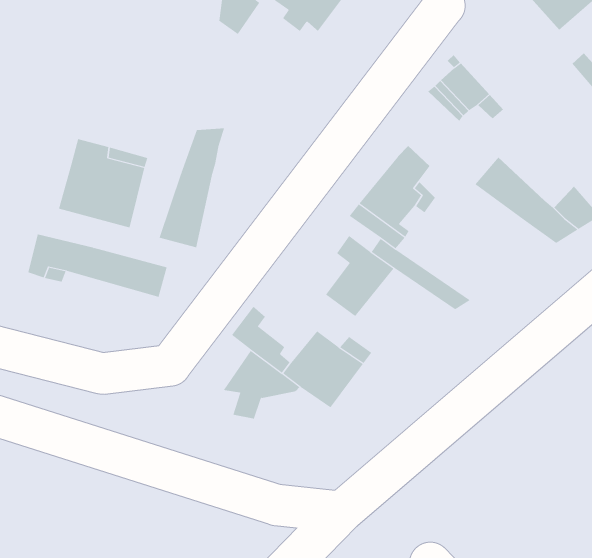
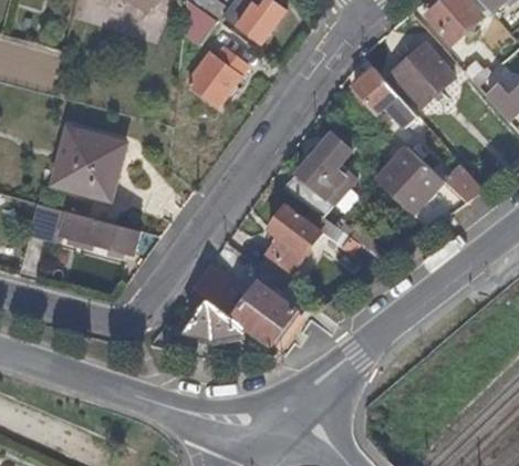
building: none -> [393,42,454,105]
building: none -> [187,53,243,105]
building: [159,128,225,248] -> none
building: none -> [373,165,450,228]

